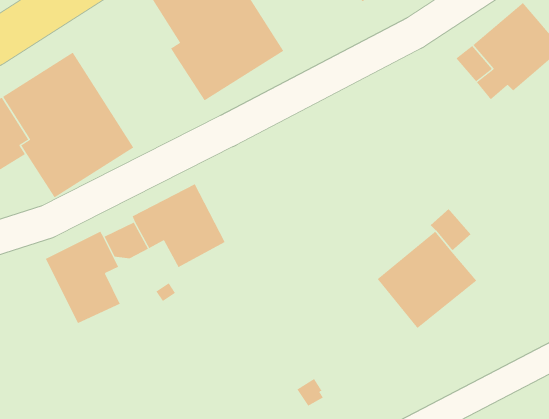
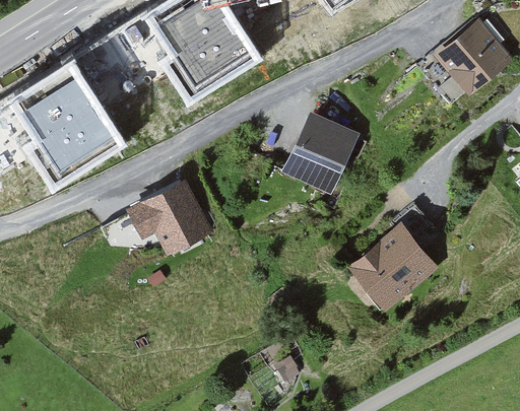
building: none -> [282,112,359,194]
building: [45,231,120,324] -> none

